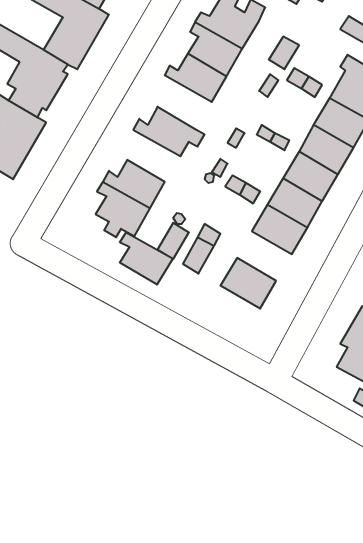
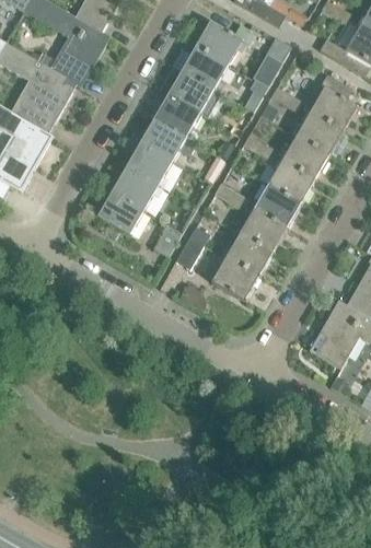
building: none -> [153,91,202,140]
building: none -> [225,232,275,277]
building: [120,232,173,284] -> [126,140,174,187]

